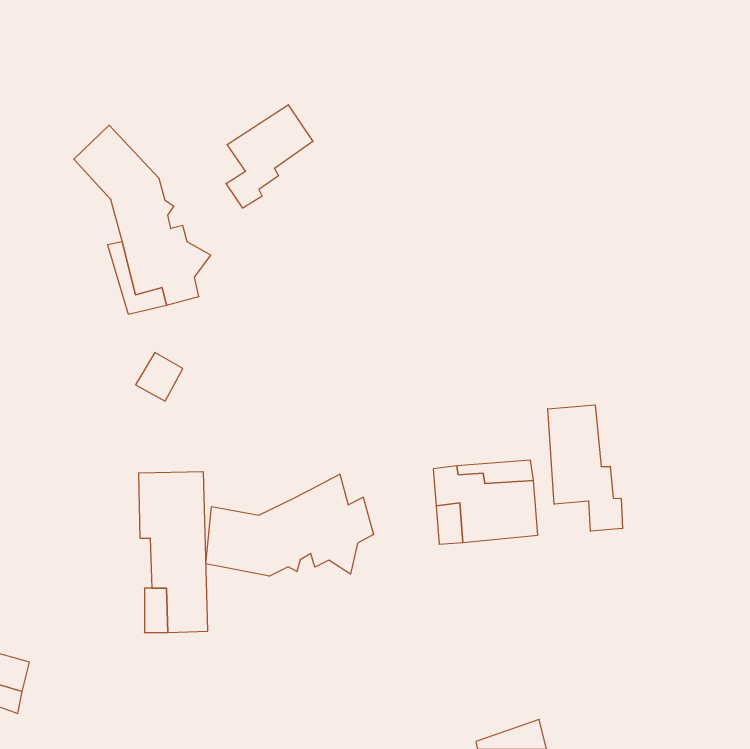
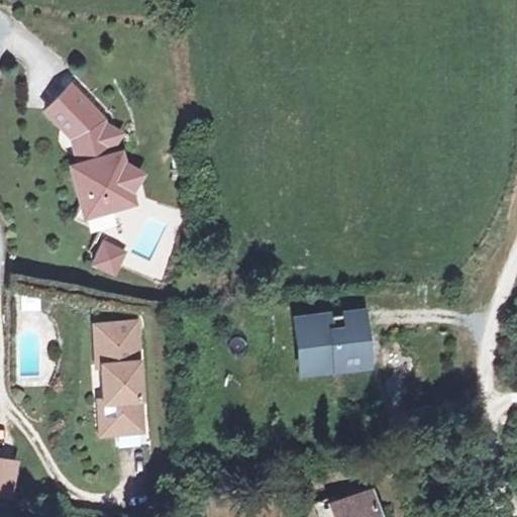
building: [226,105,313,208] -> none
building: [548,405,623,531] -> none
building: [206,474,374,576] -> none

